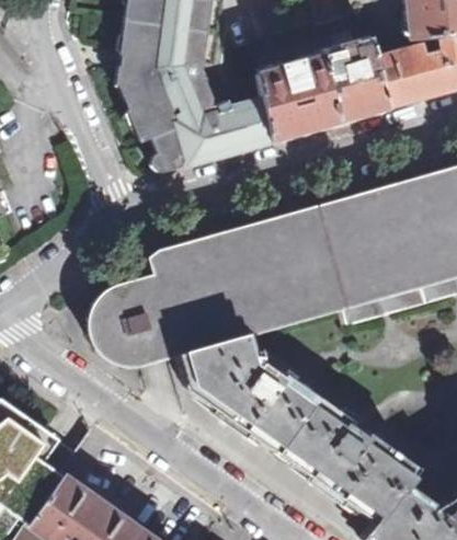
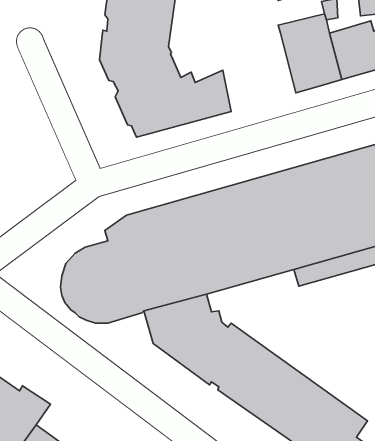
building: [258,53,340,140] -> none

